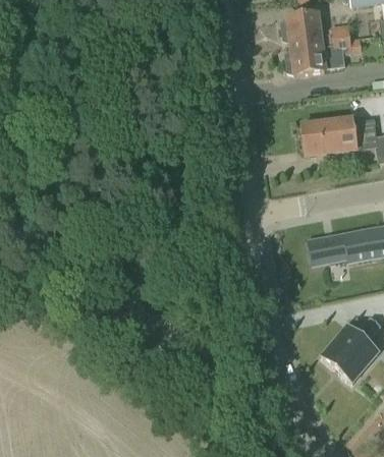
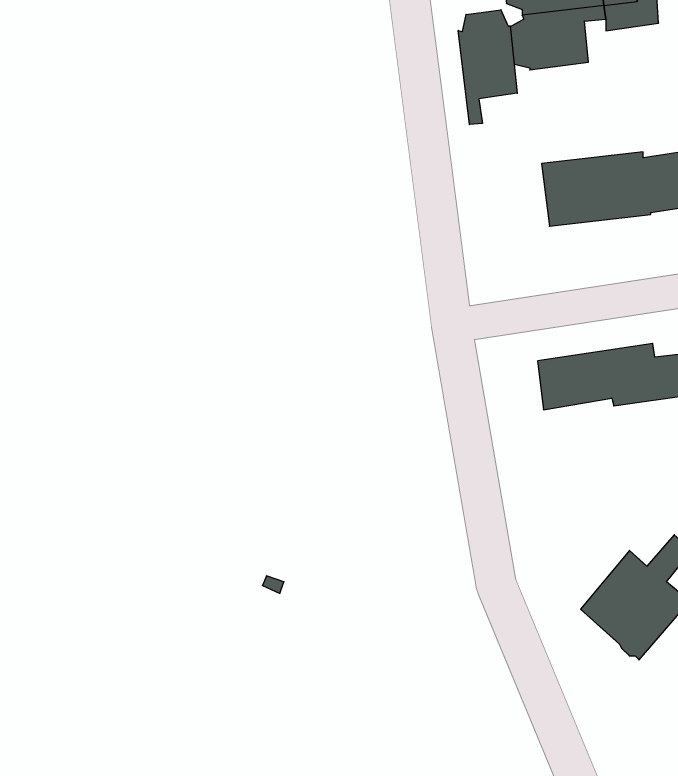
building: none -> [458,10,517,125]

